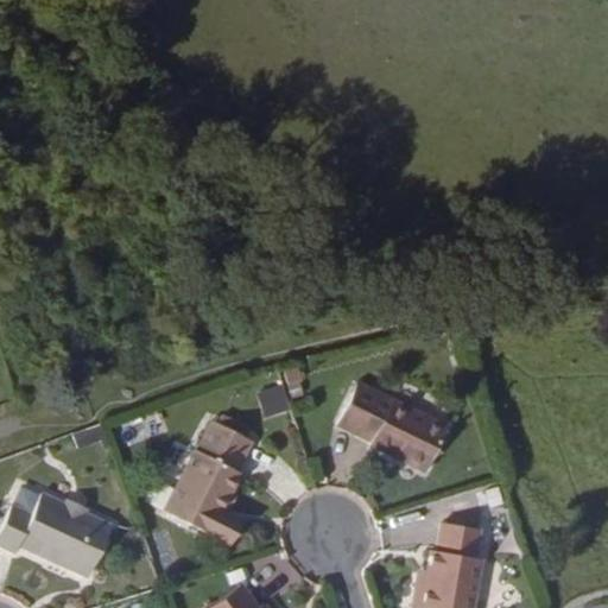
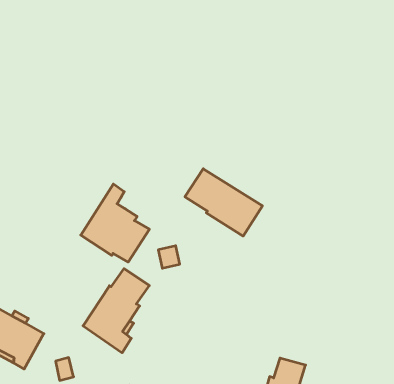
building: none -> [81,184,149,262]
building: [340,382,449,470] -> [185,169,262,236]

